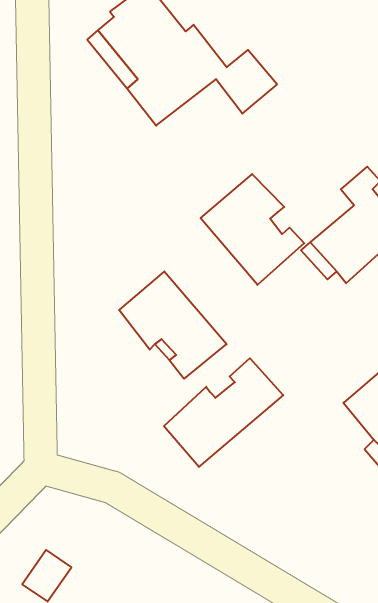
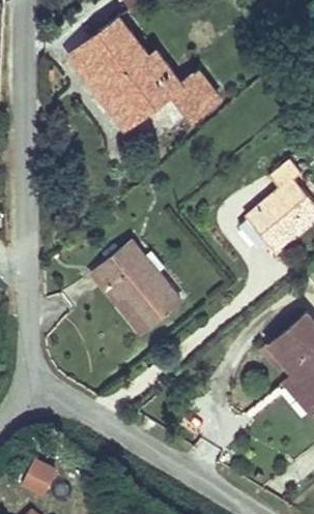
building: [201,174,304,285] -> none
building: [164,358,283,467] -> none

